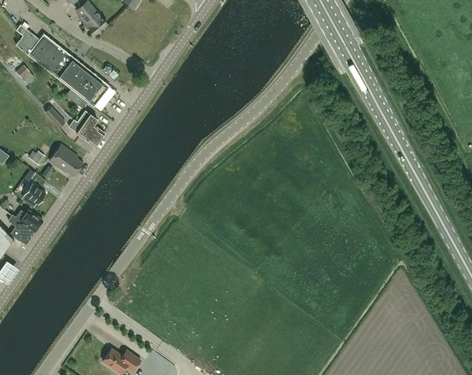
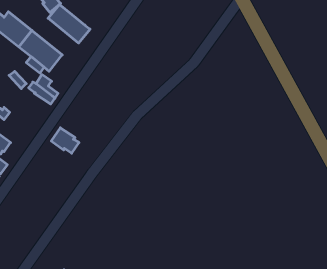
building: none -> [48,4,90,43]
building: [49,144,83,175] -> [51,128,79,153]

